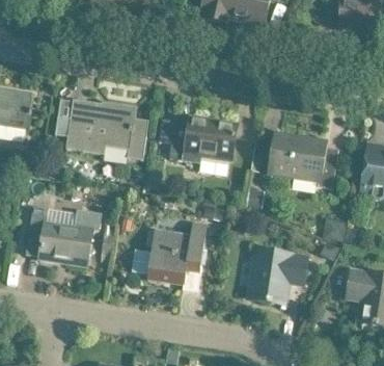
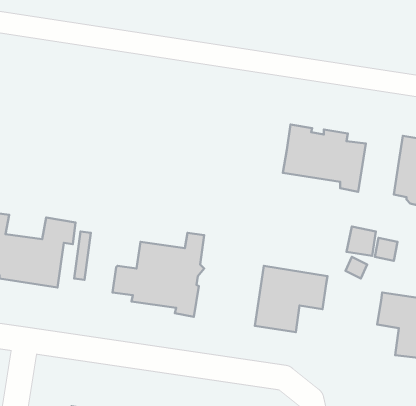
building: [54,98,147,159] -> none
building: [154,115,237,161] -> none

